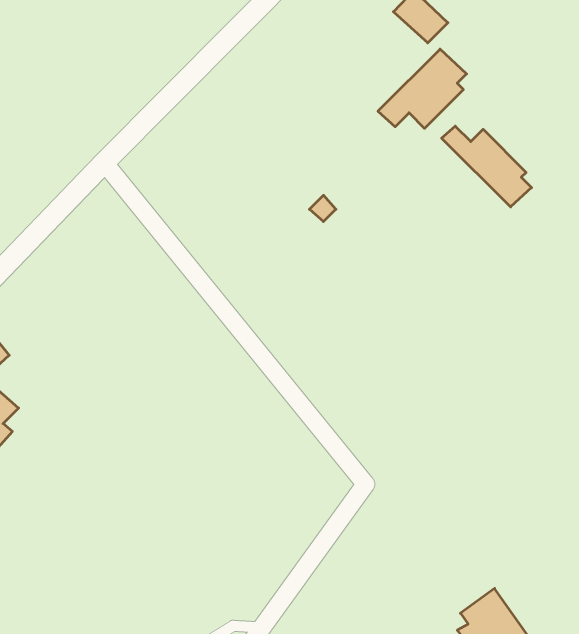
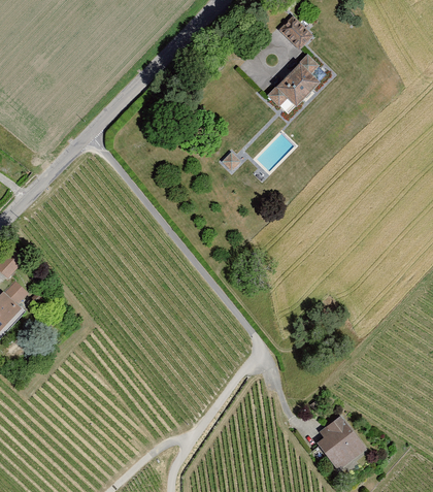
building: [442,126,532,207] -> none

